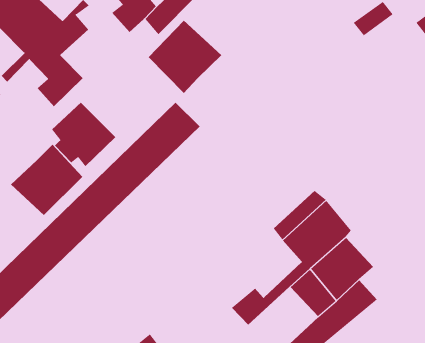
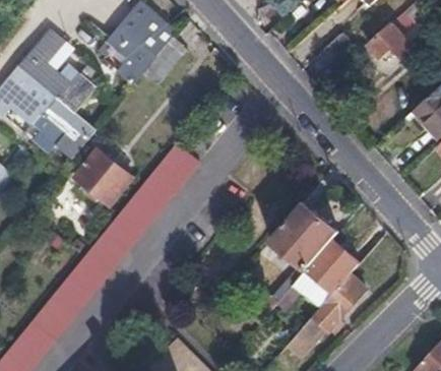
building: [148,20,222,94] -> none
building: [10,144,83,216] -> none

